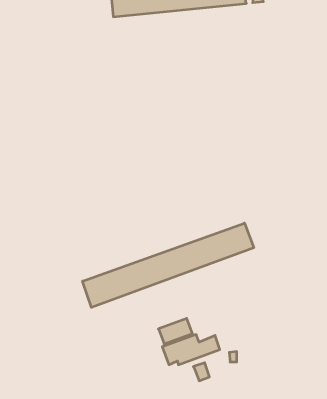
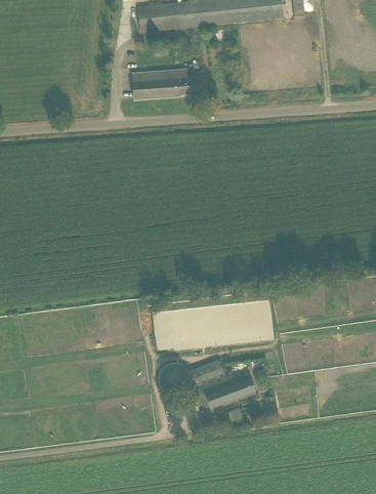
building: none -> [132,69,201,97]
building: [83,223,254,307] -> none

